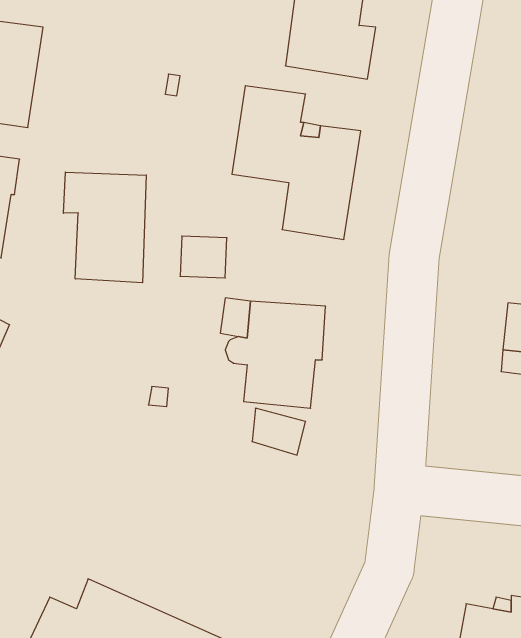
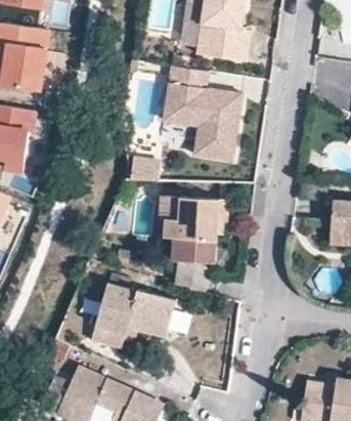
building: [63,172,146,283] -> none
building: none -> [90,284,174,349]

